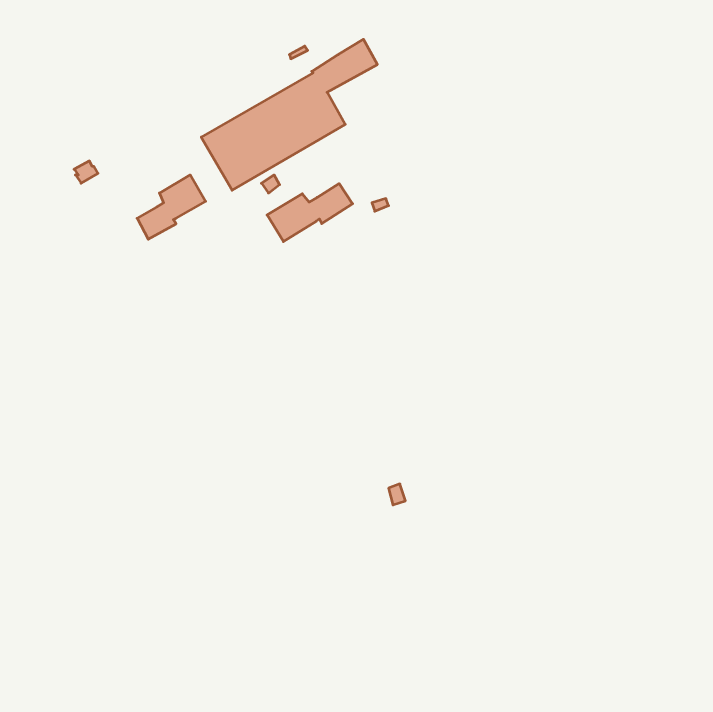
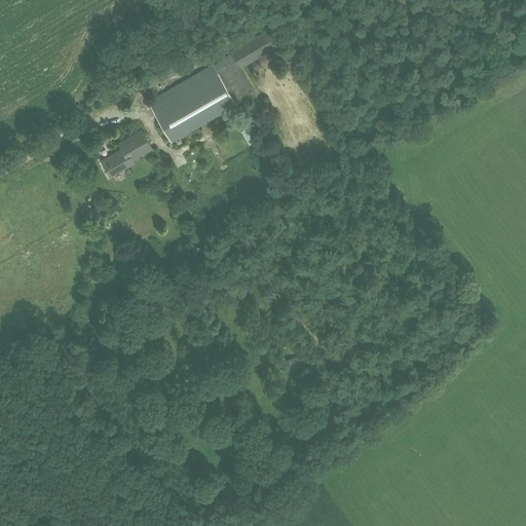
building: [267,184,353,242] -> none

